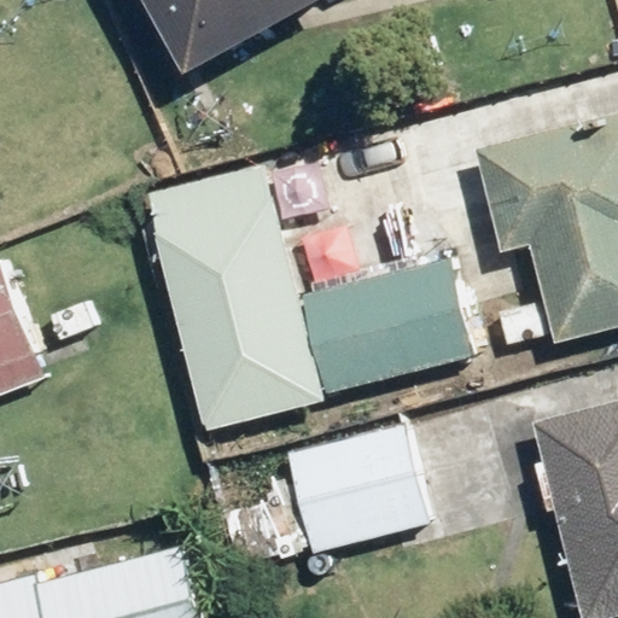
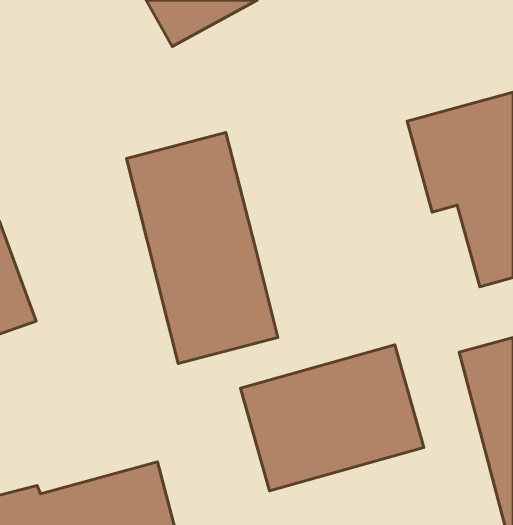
building: [298,256,478,398] -> none

